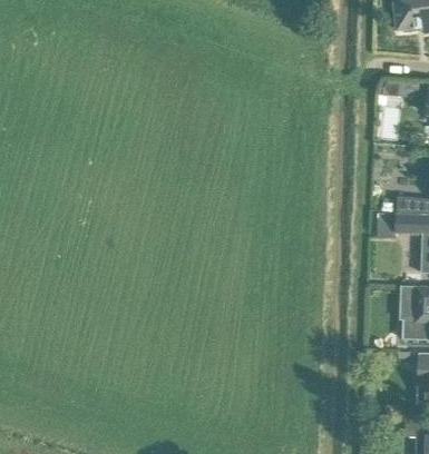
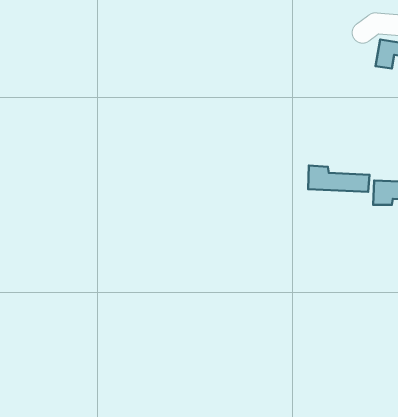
building: none -> [308,165,370,192]

